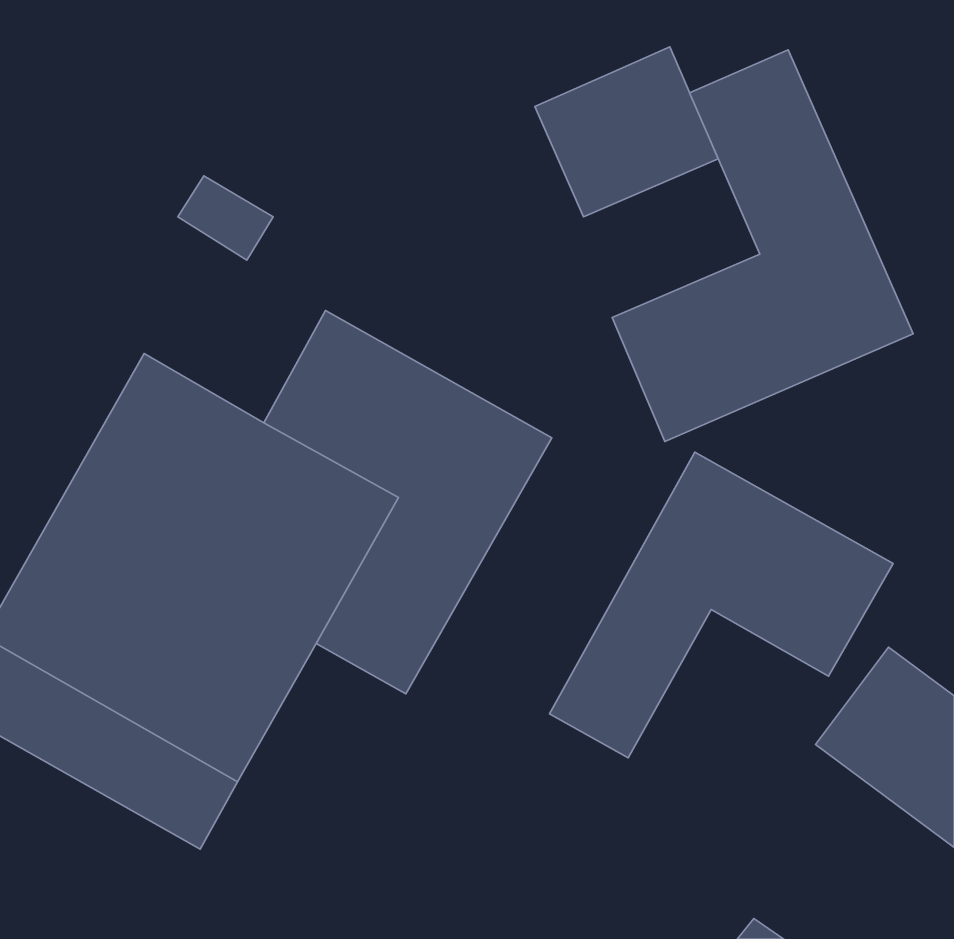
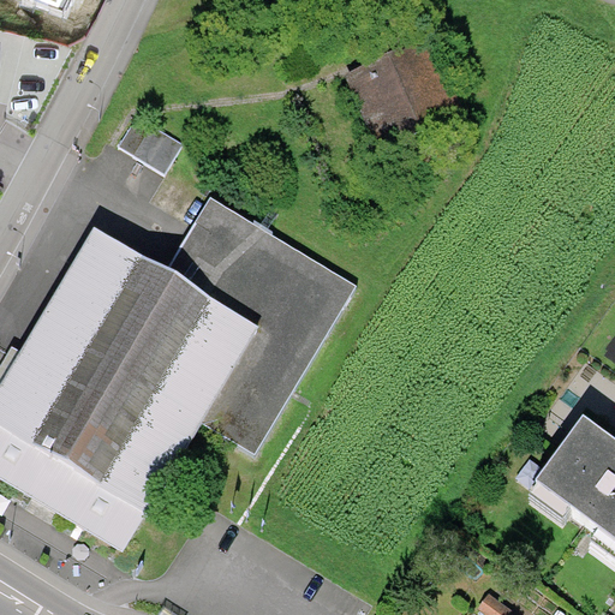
building: [612,50,913,442] -> none
building: [550,452,893,758] -> none

